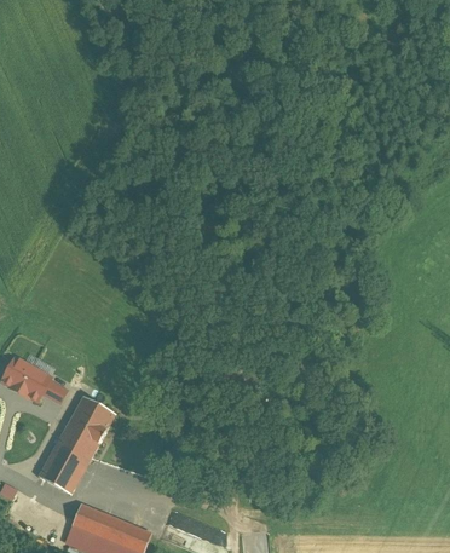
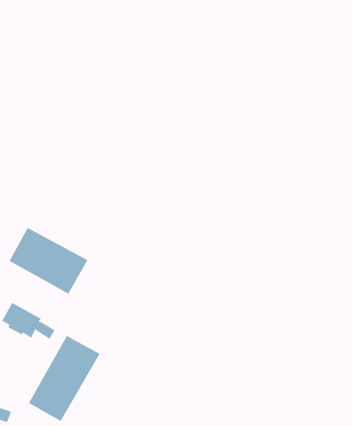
building: none -> [9,227,88,294]

